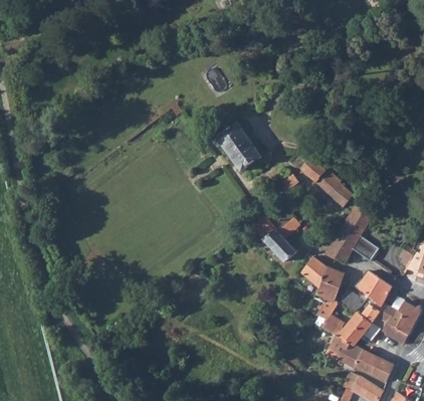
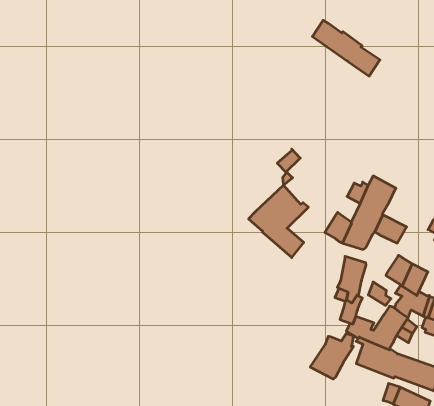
building: [216,123,261,172] -> none
building: [301,158,354,207] -> [312,20,380,76]
building: [300,256,327,285] -> none
building: none -> [310,334,353,379]

